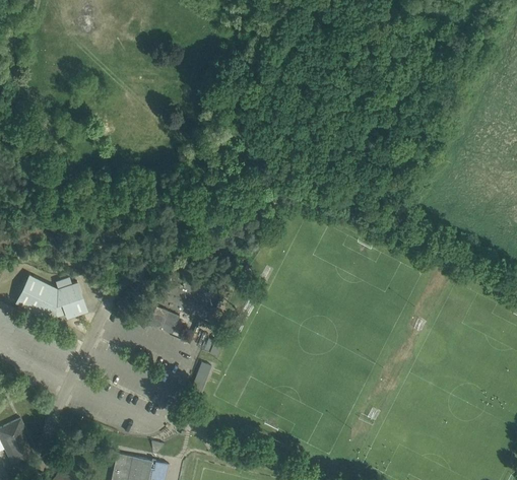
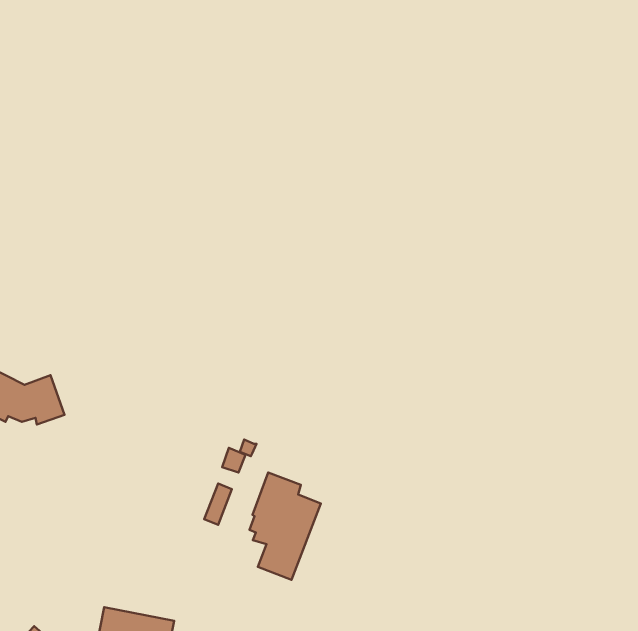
building: [147,306,179,334] -> none
building: none -> [249,473,321,580]

